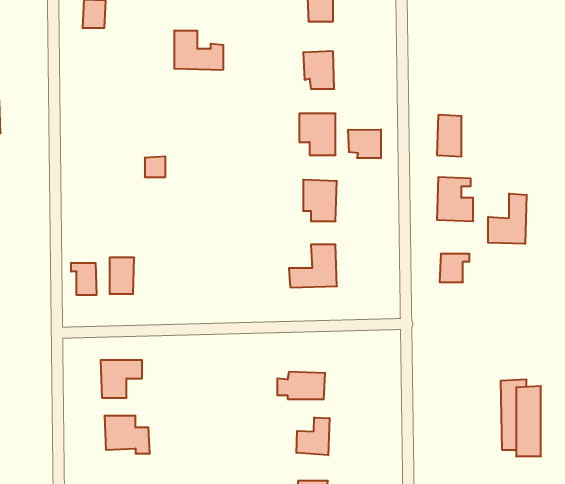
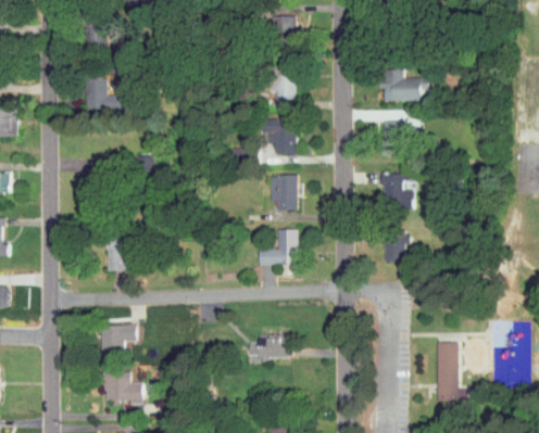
building: [174,31,223,70] -> [86,78,127,111]
building: none -> [379,66,429,101]
building: [348,129,381,158] -> none
building: [488,193,527,244] -> none
building: [71,263,97,295] -> none
building: [296,417,330,455] -> none

